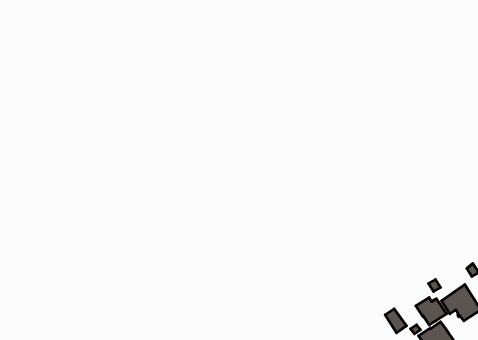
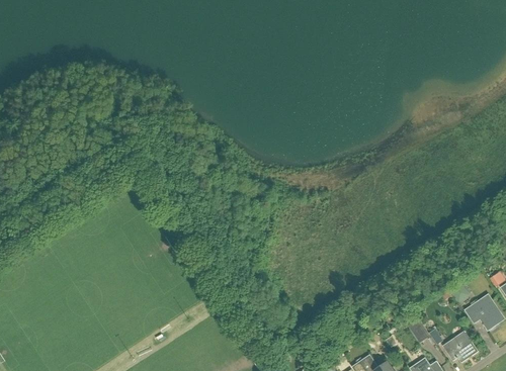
building: [416,298,447,325] -> none

